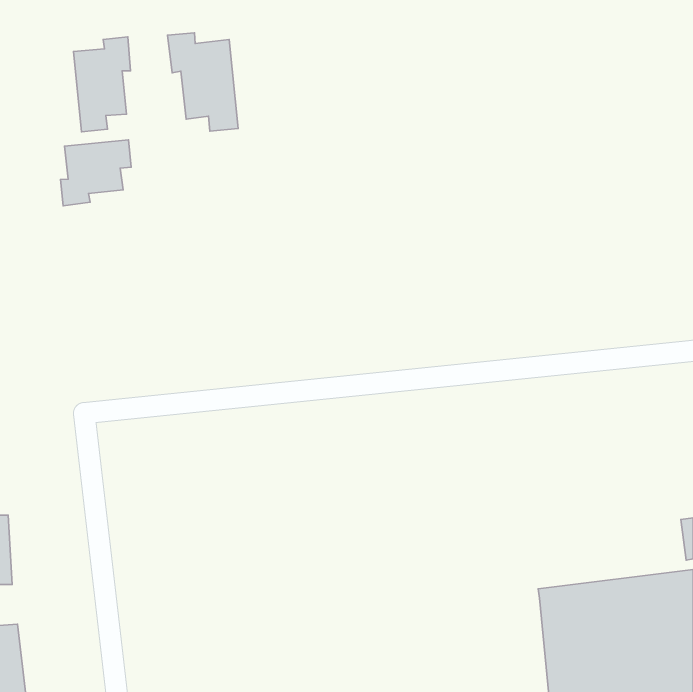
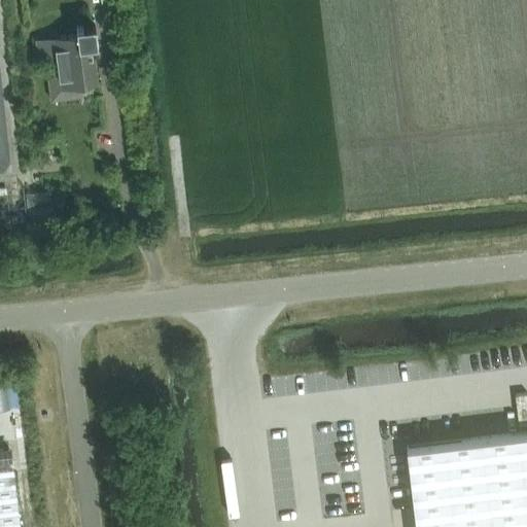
building: [168,33,238,131] -> none
building: [61,140,131,206] -> none

